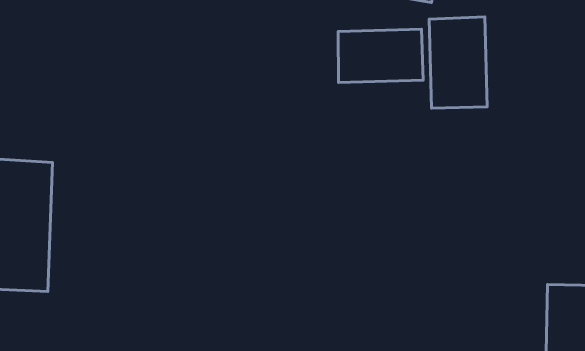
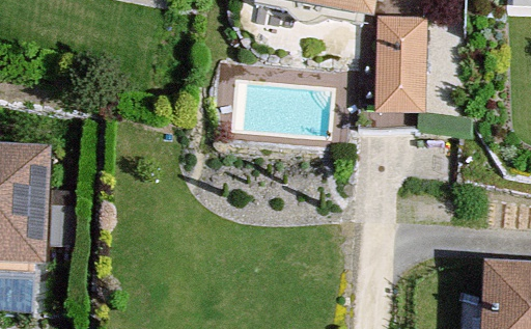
building: [338,29,423,82] -> none

